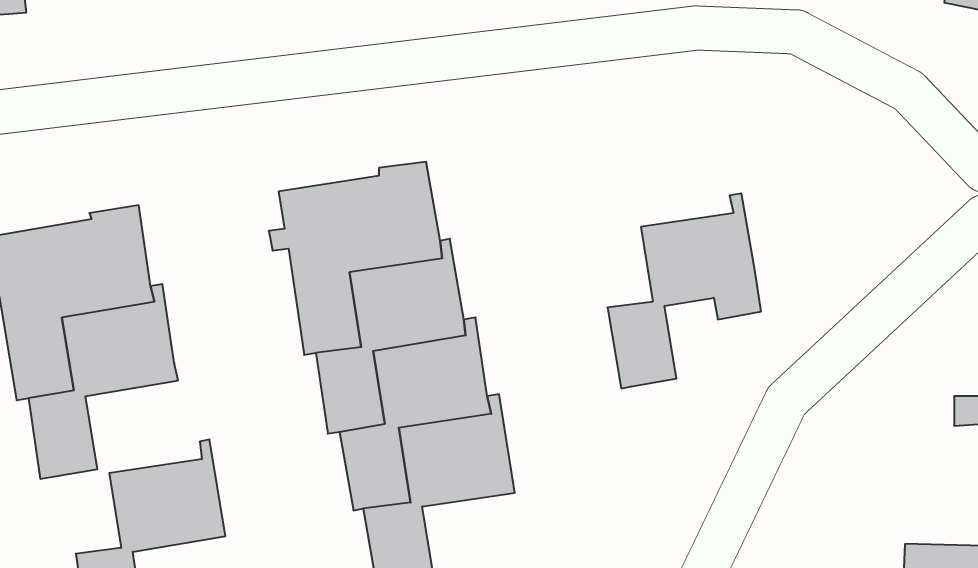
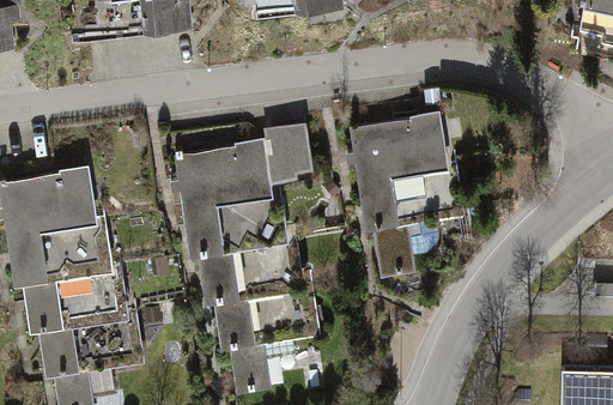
building: none -> [348,89,451,228]
building: none -> [263,122,316,186]
building: none -> [37,259,128,377]

